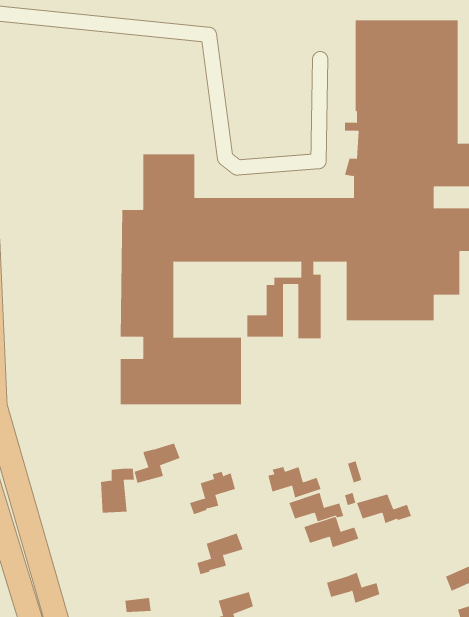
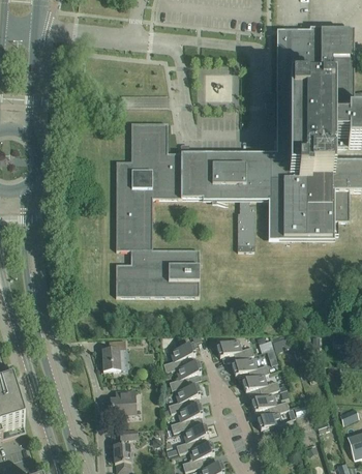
building: [134,443,181,484] -> [170,361,202,389]
building: [356,494,412,524] -> [251,393,290,414]
building: none -> [112,389,135,416]
building: none -> [171,403,203,432]

